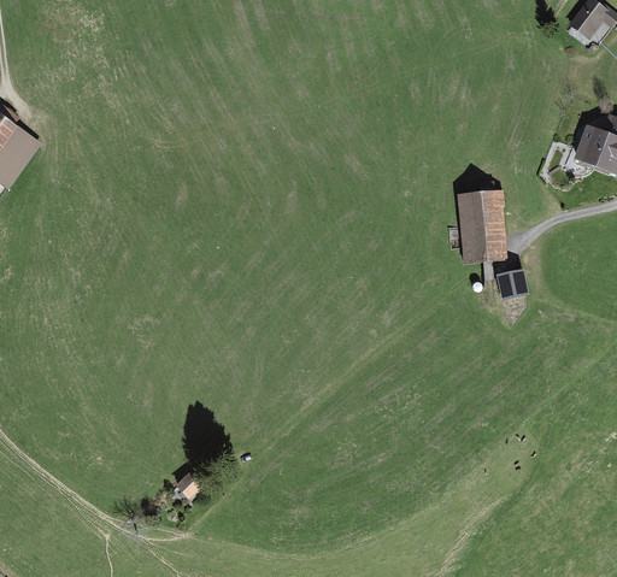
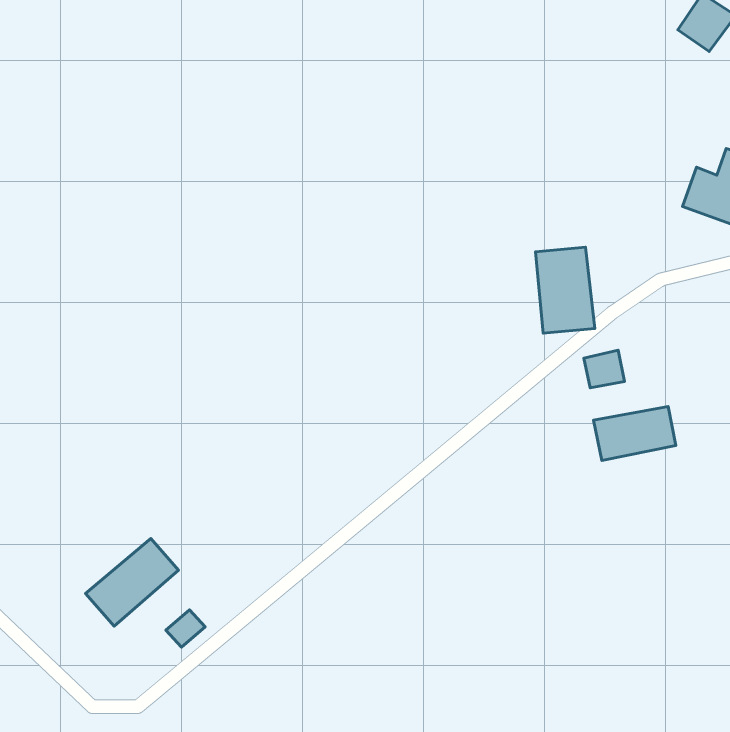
building: none -> [594,406,676,460]
building: none -> [85,538,179,626]

